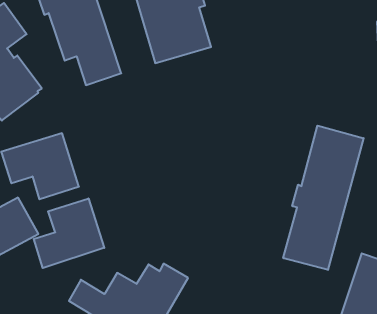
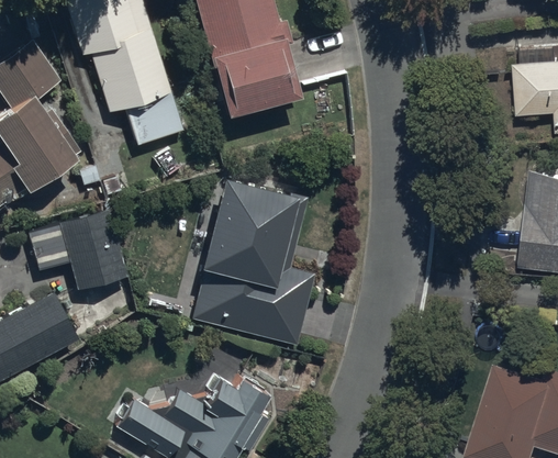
building: none -> [190,176,313,345]
building: [283,126,364,270] -> none
building: [34,198,104,268] -> none

